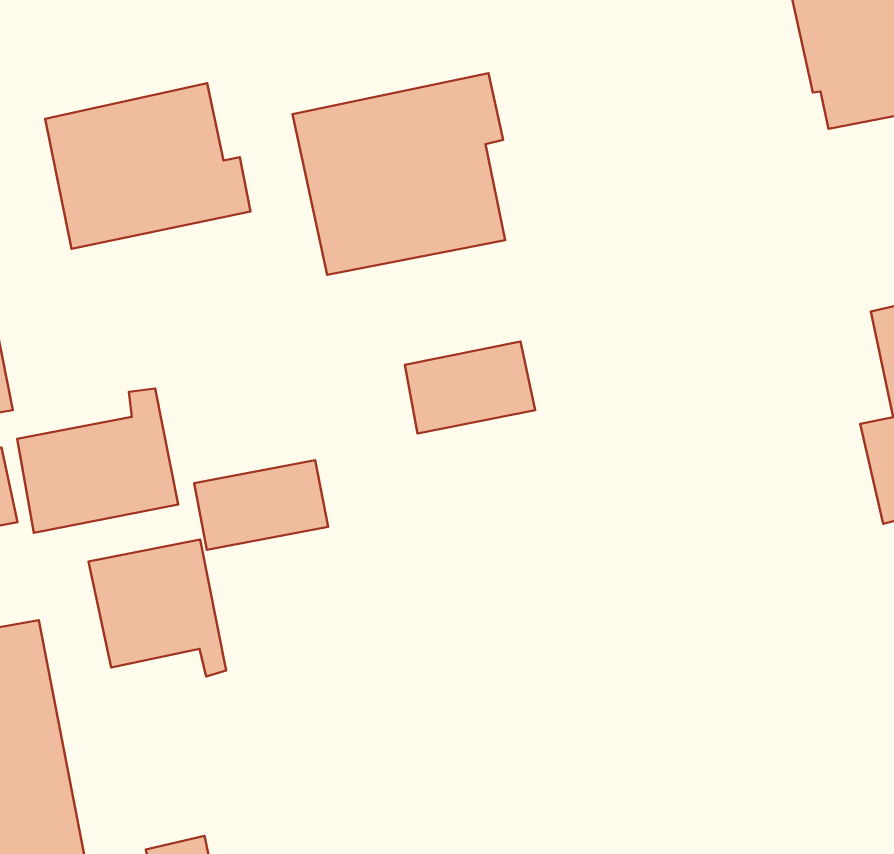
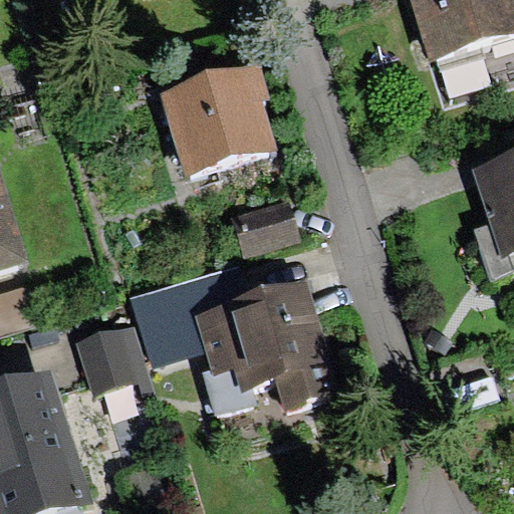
building: [45,83,250,249] -> none
building: [17,388,178,533] -> none
building: none -> [191,278,340,414]

